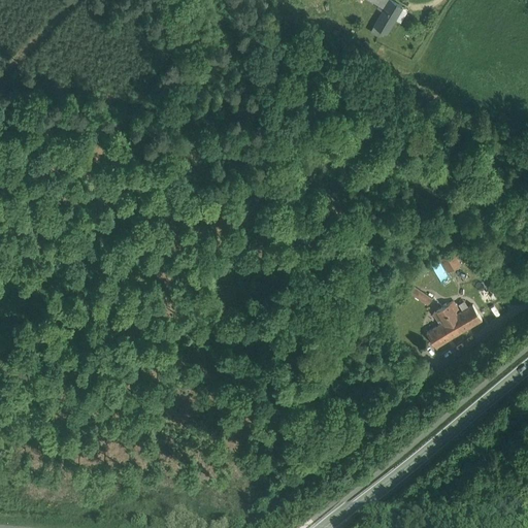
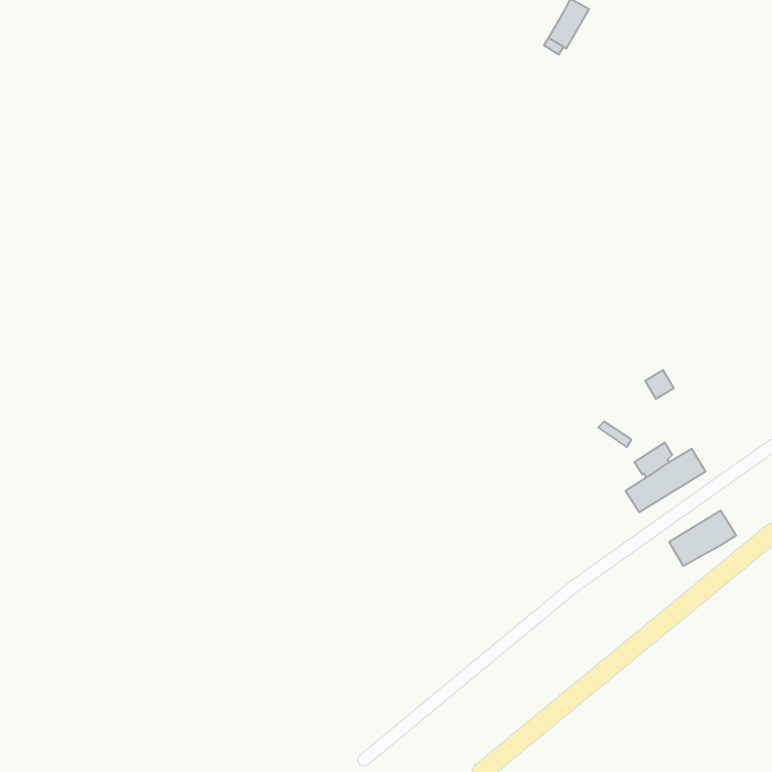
building: none -> [669,510,736,566]

